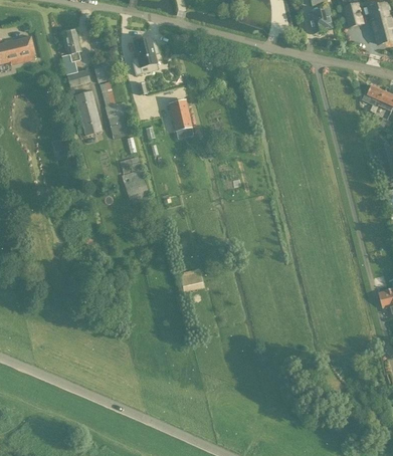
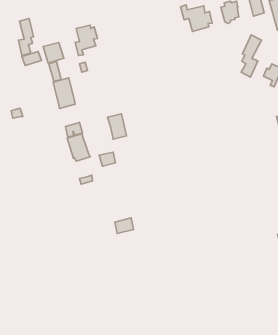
building: none -> [181,5,212,31]
building: none -> [241,35,261,77]
building: [73,88,101,135] -> none
building: [167,98,190,130] -> [107,114,126,139]

